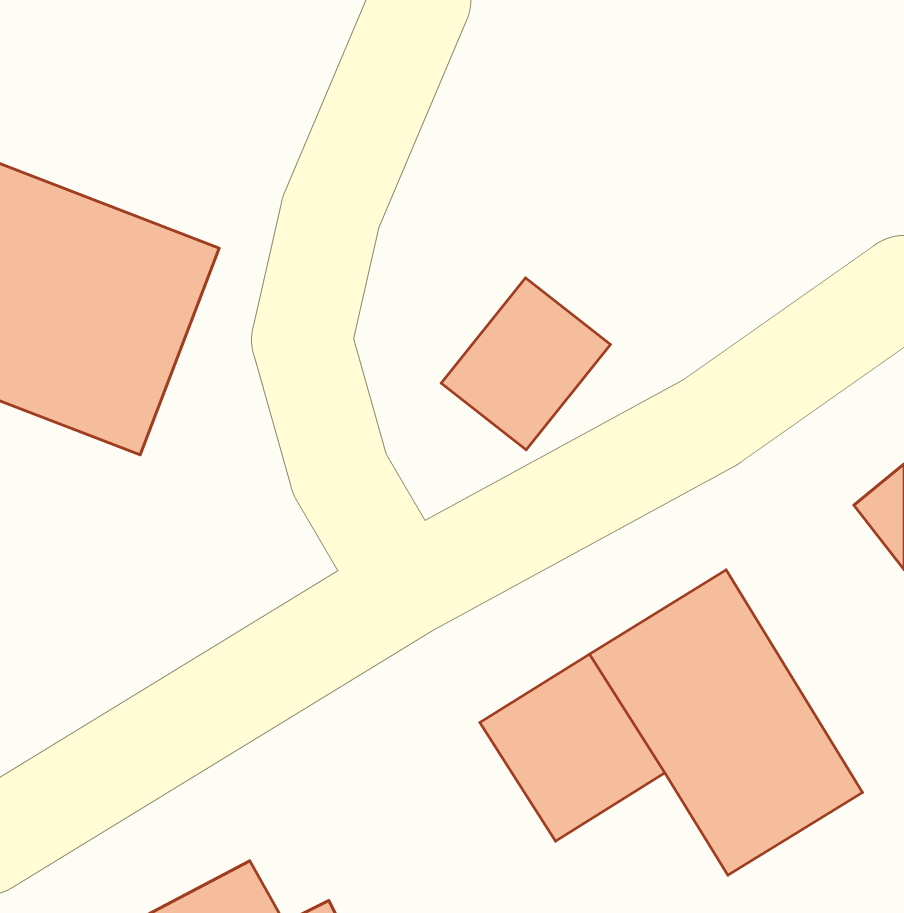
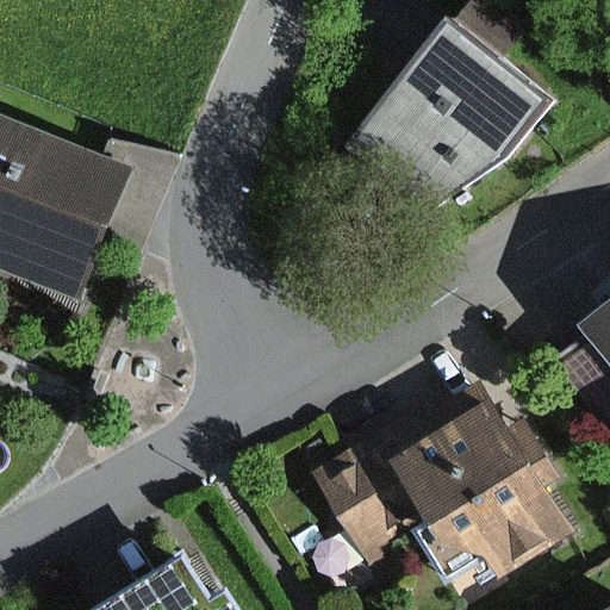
building: none -> [348,32,533,218]
building: [441,278,611,450] -> none

